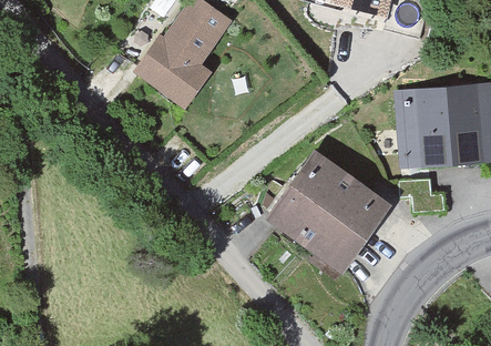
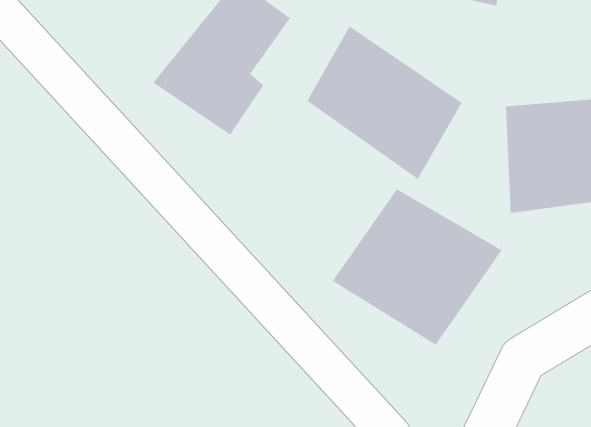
building: none -> [306,26,463,180]

